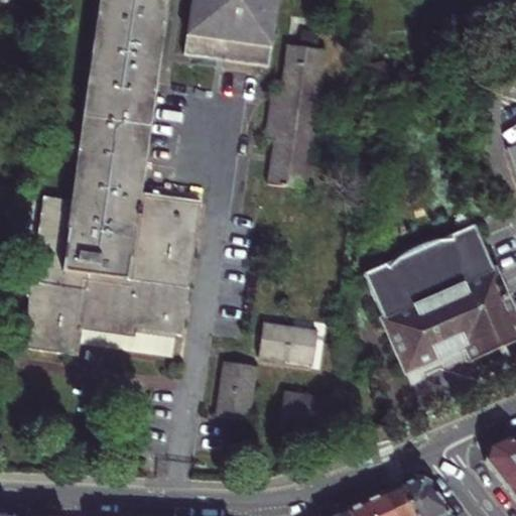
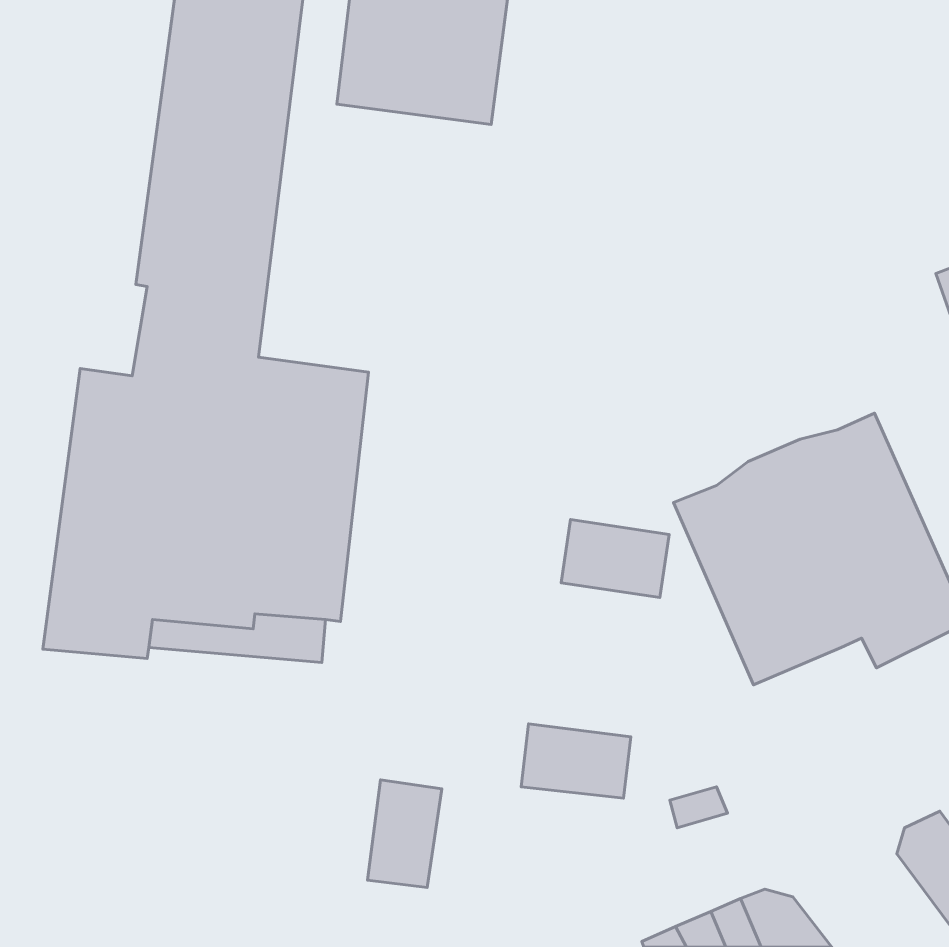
building: [264,47,324,189] -> none
building: [263,320,321,363] -> [561,519,669,598]
building: [221,362,261,420] -> [368,780,442,888]

